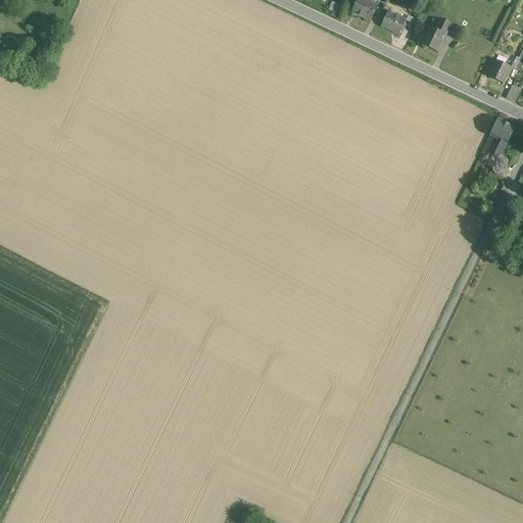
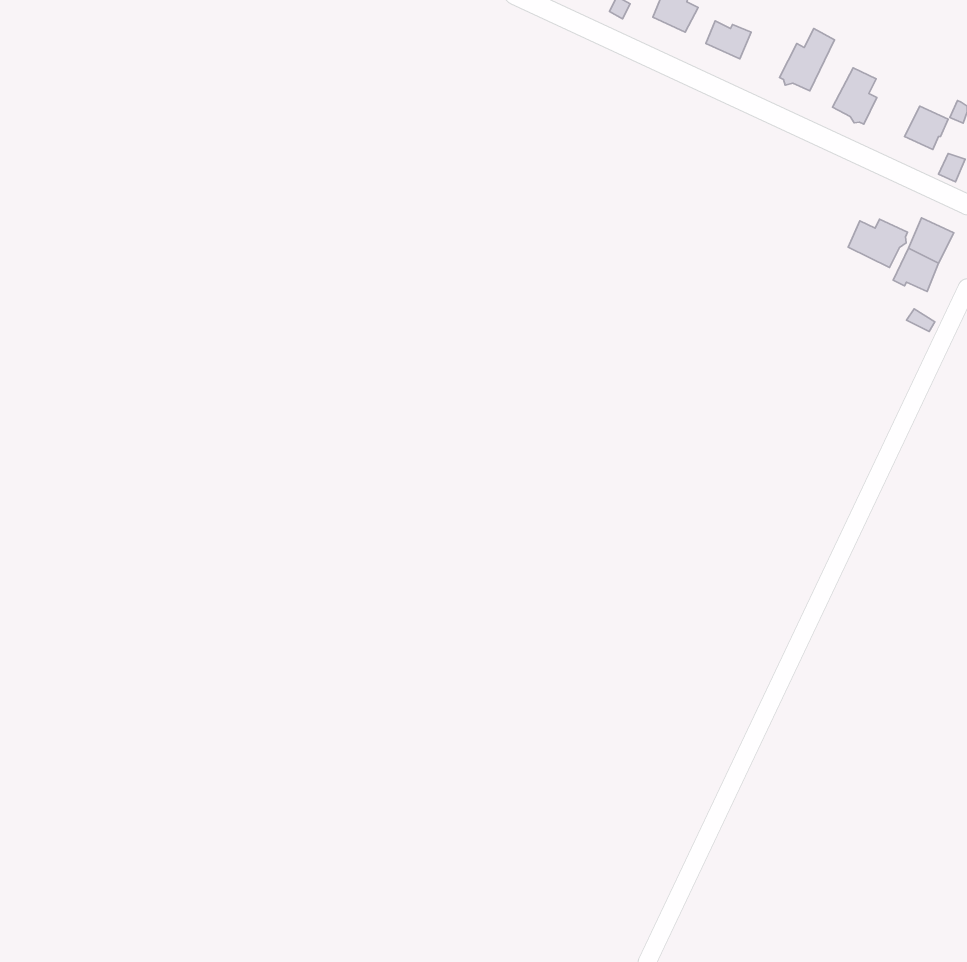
building: none -> [832,68,877,124]
building: none -> [848,219,908,268]

